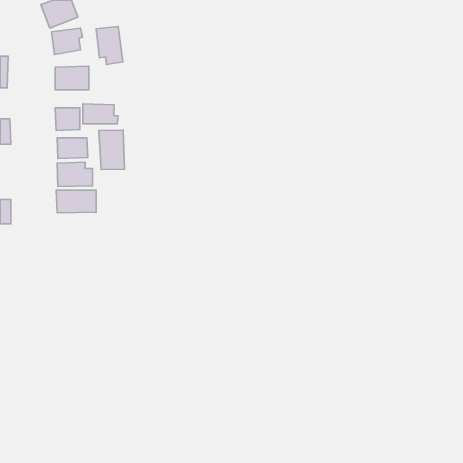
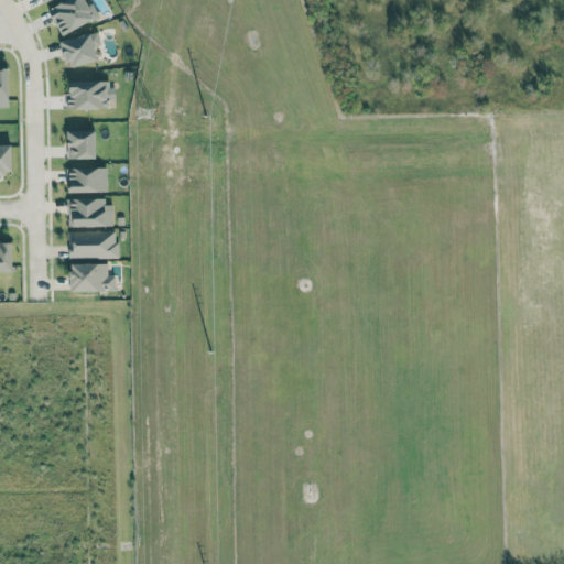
building: [96,26,123,64] -> none
building: [83,104,118,124] -> none
building: [99,130,124,169] -> none
building: none -> [70,263,116,292]

